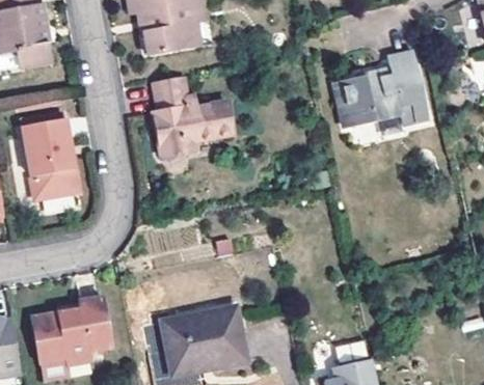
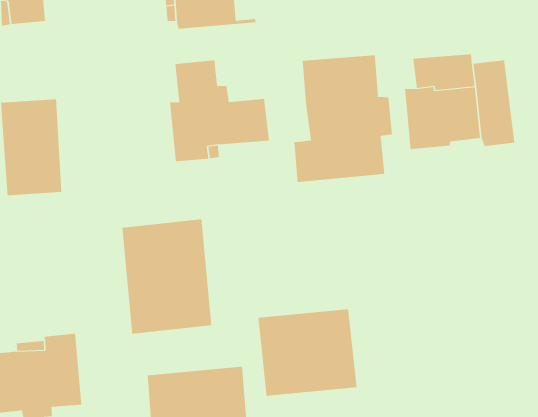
building: none -> [294,54,393,183]
building: none -> [122,219,212,334]
building: none -> [258,309,357,396]

